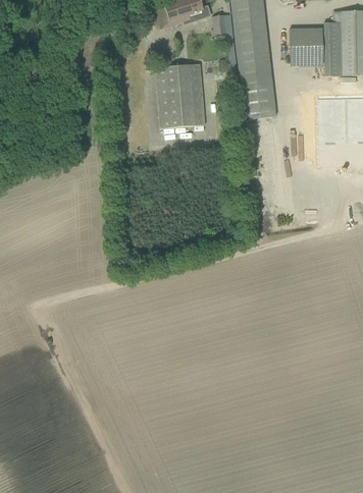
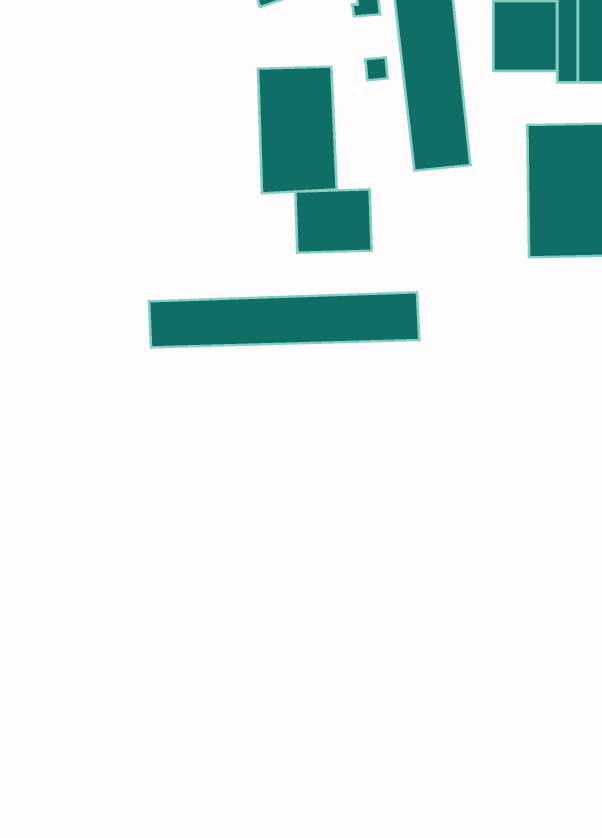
building: none -> [296,189,371,253]
building: none -> [149,292,419,348]

